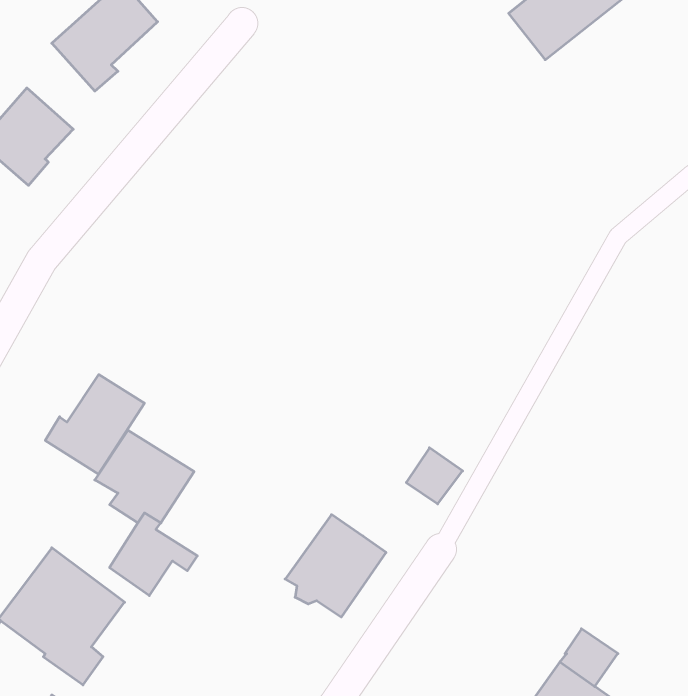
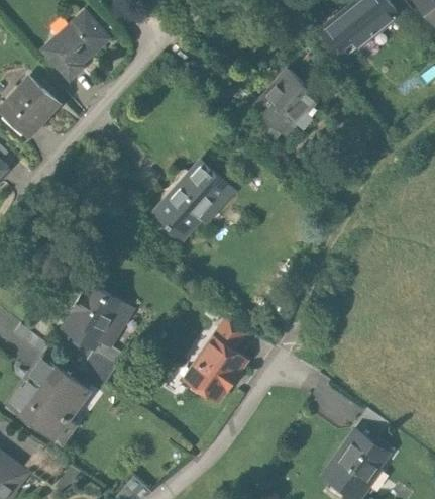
building: none -> [254,72,319,131]
building: none -> [156,164,233,236]
building: [45,375,144,474] -> none
building: [406,448,463,504] -> [214,316,248,351]

